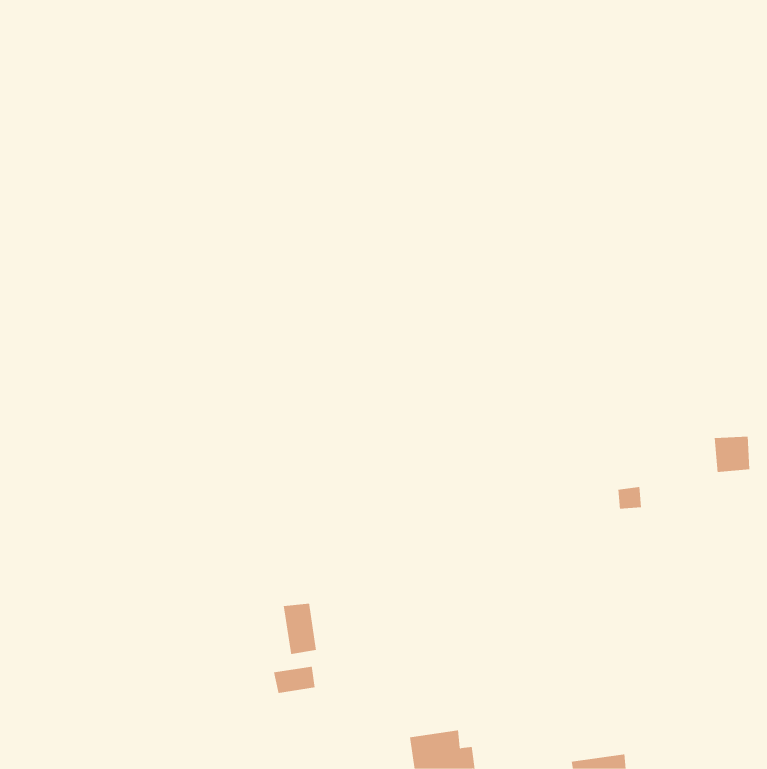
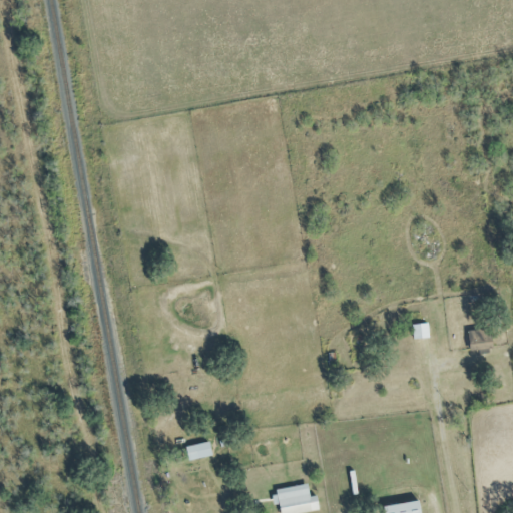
building: [714,436,750,472] -> [468,328,492,352]
building: [283,603,317,655] -> none

